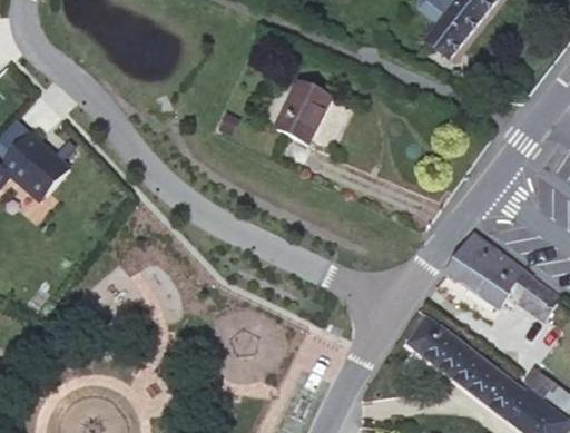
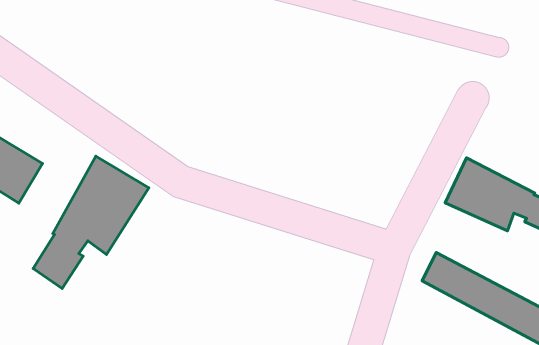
building: [276,81,331,144] -> none
building: none -> [33,156,149,289]

